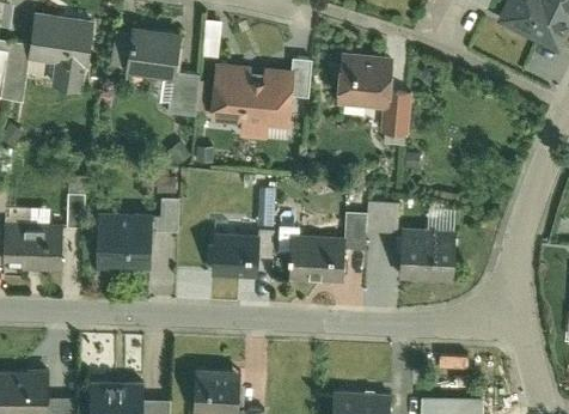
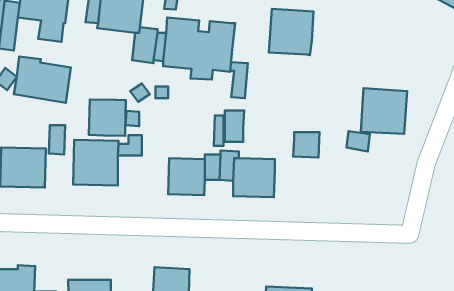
building: [289,57,311,102] -> [230,62,248,98]
building: [380,90,411,136] -> none
building: none -> [14,56,71,103]
building: none -> [89,99,126,136]
building: [343,211,367,249] -> [225,111,244,142]
building: [398,227,455,284] -> [361,88,407,134]

